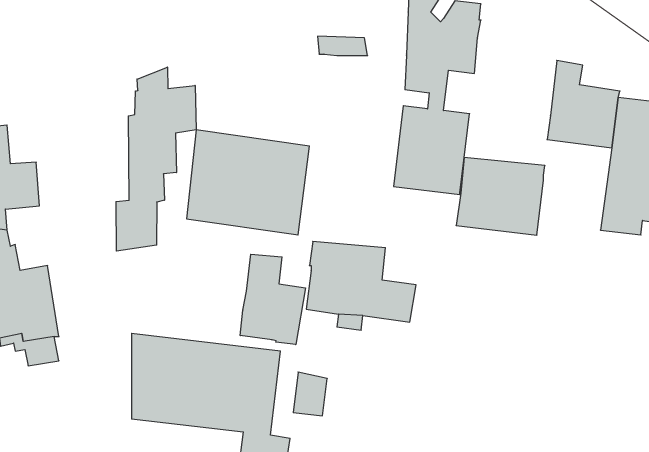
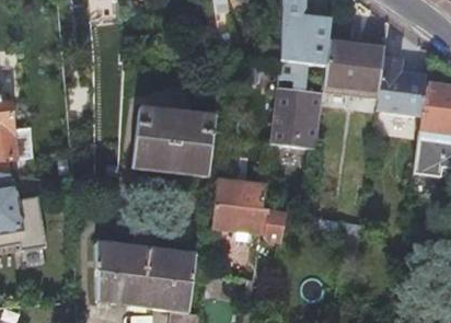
building: [116,67,196,251] -> none
building: [456,158,545,235] -> [323,42,383,94]
building: [240,254,305,345] -> none

